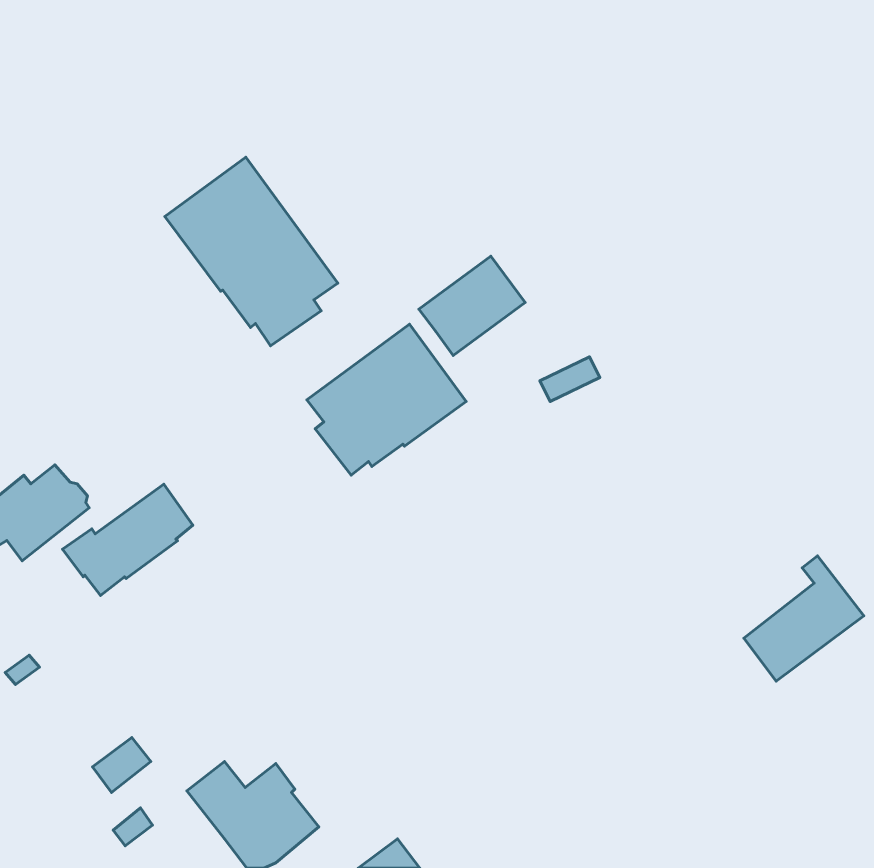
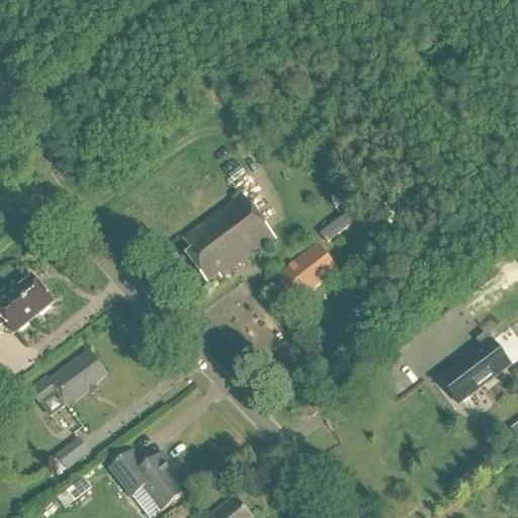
building: [165,157,338,346] -> none
building: [419,256,525,356] -> [274,242,337,300]
building: [63,484,193,596] -> [29,349,106,415]

